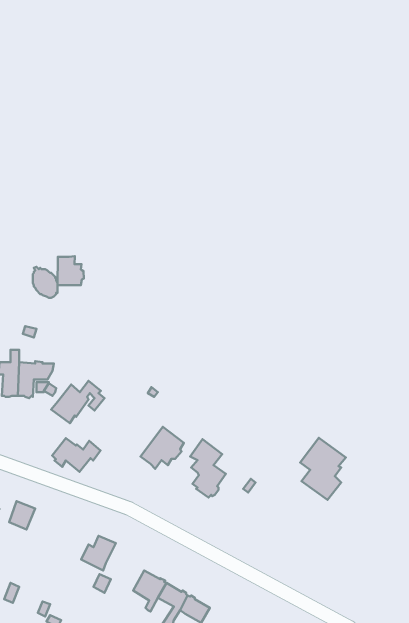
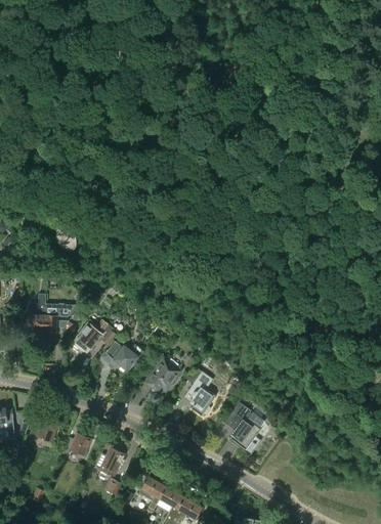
building: [58,256,84,285] -> none
building: [300,438,346,500] -> [227,404,265,455]
building: [52,438,100,472] -> [104,342,144,369]
building: none -> [61,432,92,455]

